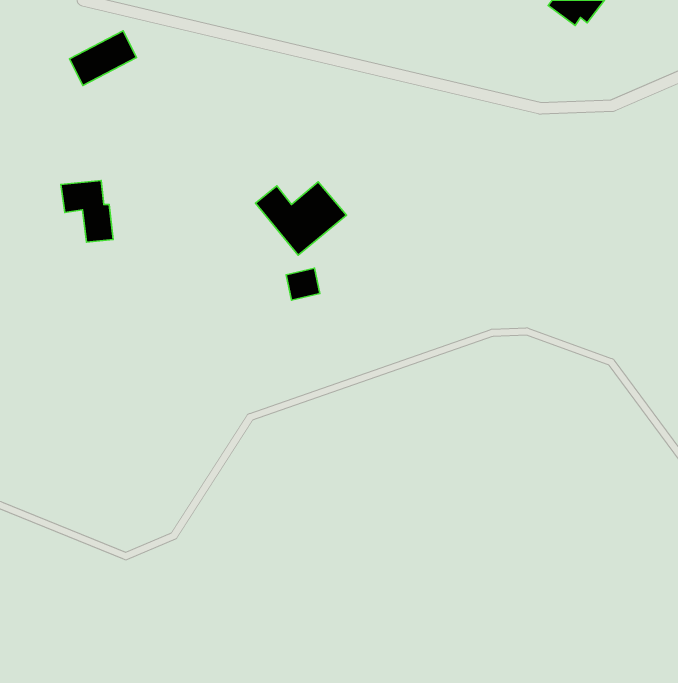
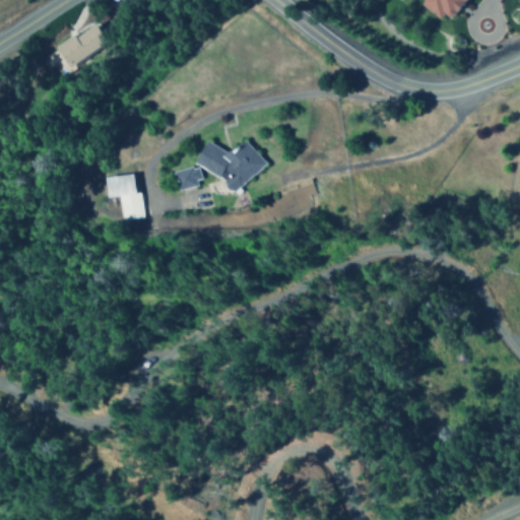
building: [61,181,113,242] -> [106,174,145,220]
building: [286,268,320,300] -> [177,166,202,190]

